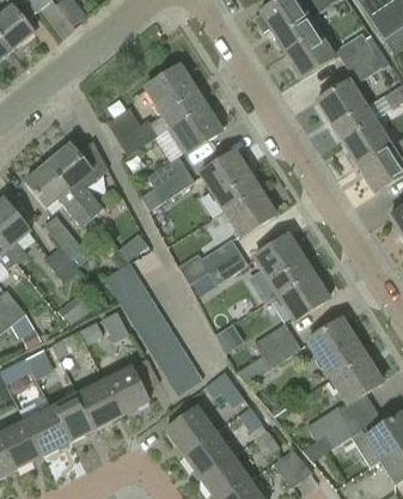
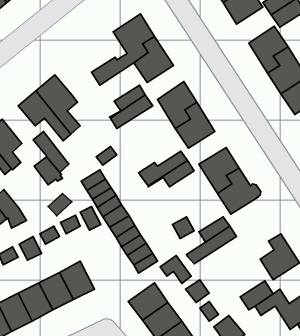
building: [307,318,358,377] -> none
building: [103,358,160,415] -> none

